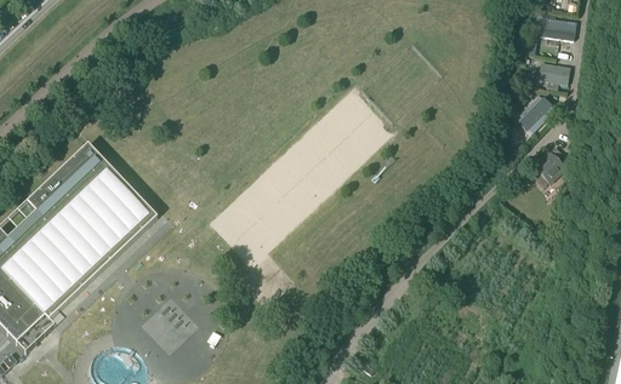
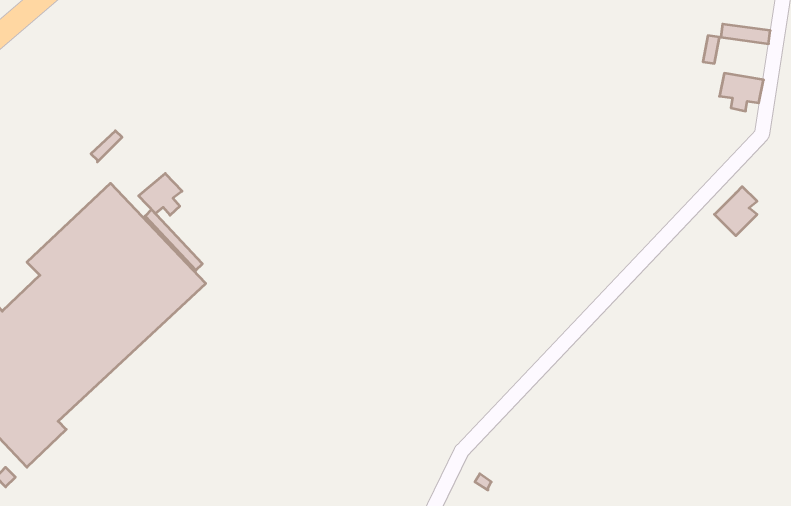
building: [515,96,552,132] -> none
building: none -> [139,173,182,215]

